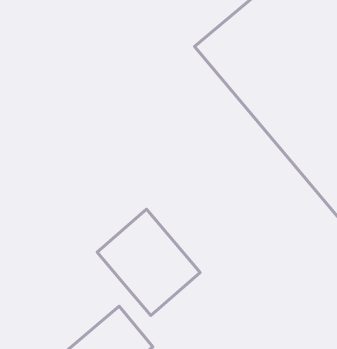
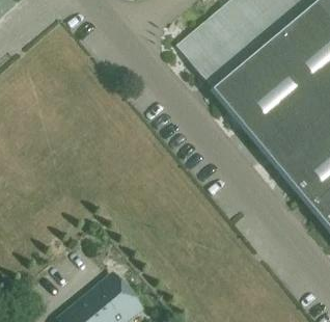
building: [97,209,200,315] -> none

